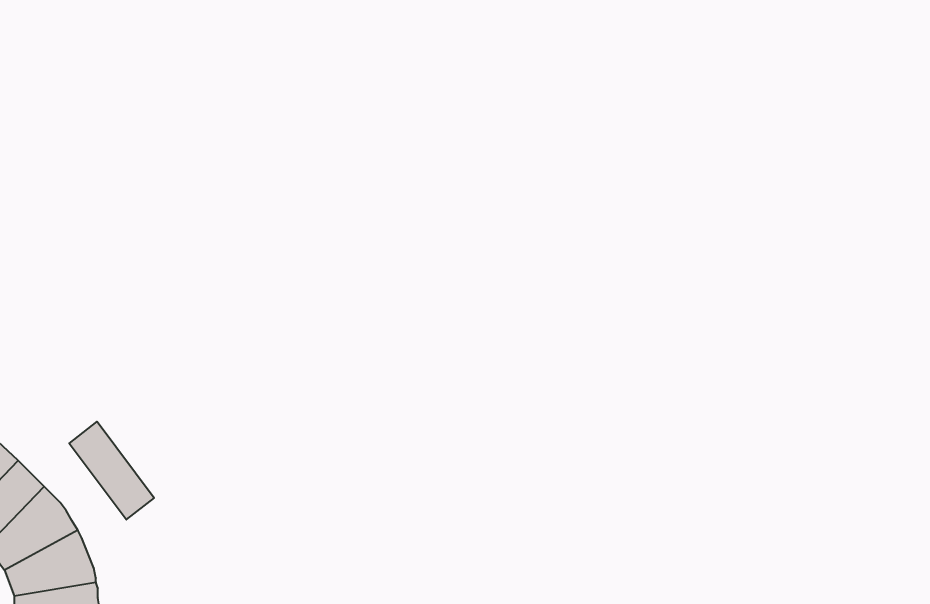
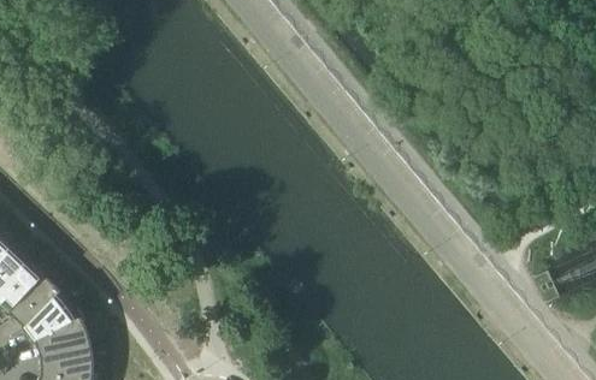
building: [69,422,154,520] -> none

